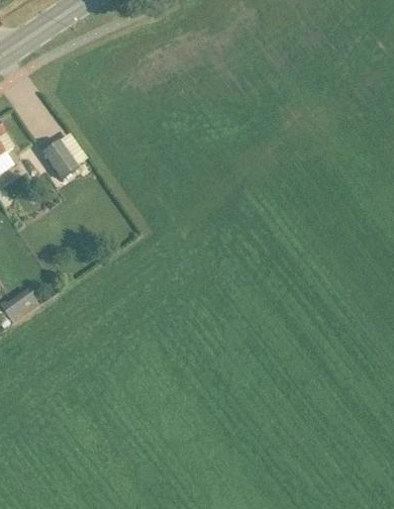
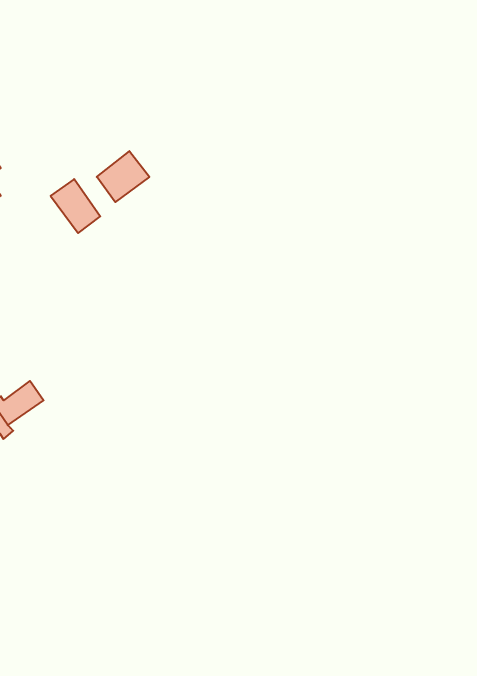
building: none -> [97,151,149,202]

